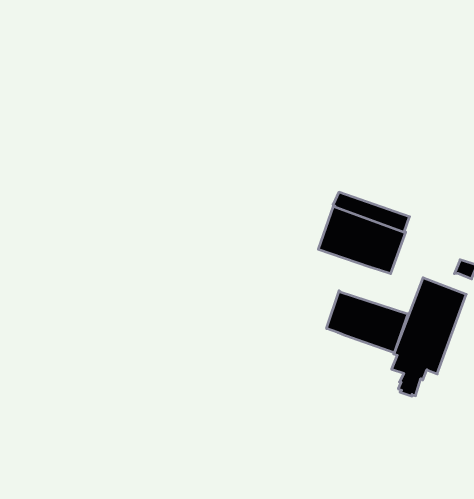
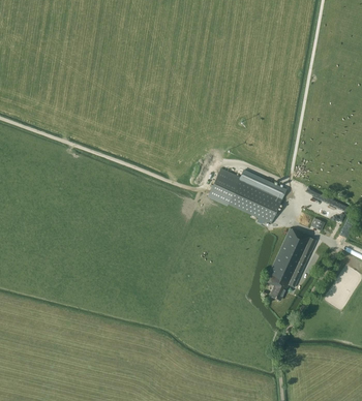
building: none -> [208,169,241,205]
building: [327,291,408,353] -> none

